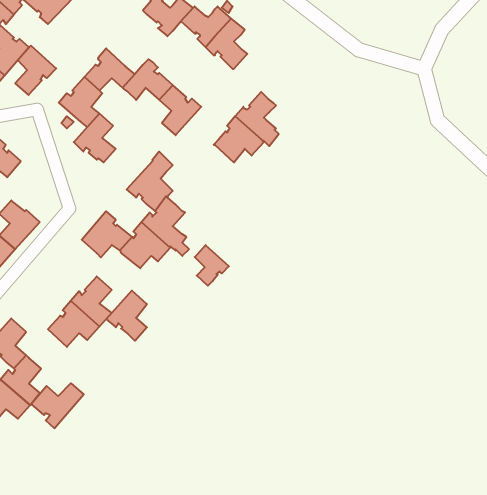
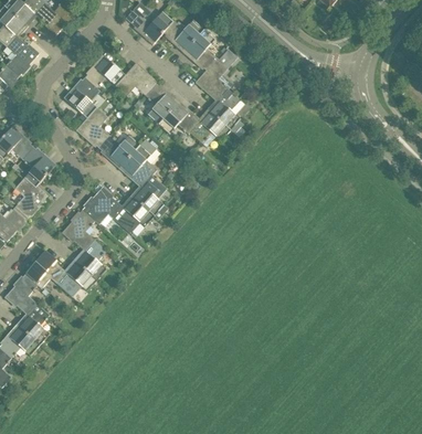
building: none -> [194,46,236,99]
building: [15,46,56,95] -> none
building: none -> [158,100,199,133]
building: none -> [99,135,139,168]
building: none -> [21,145,55,186]
building: [195,245,229,286] -> none
building: none -> [24,250,64,287]
building: [106,291,147,341] -> [61,209,94,250]
building: [31,383,84,428] -> none

